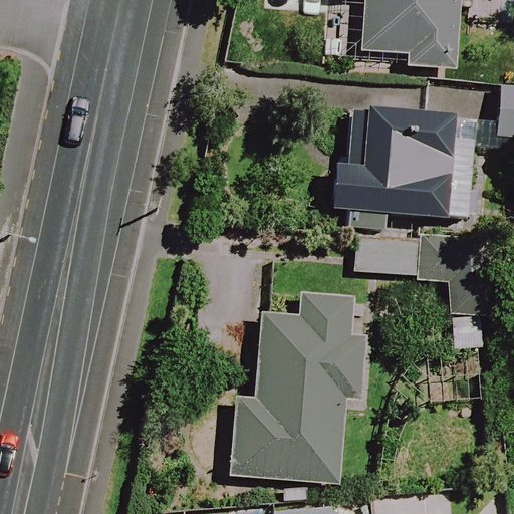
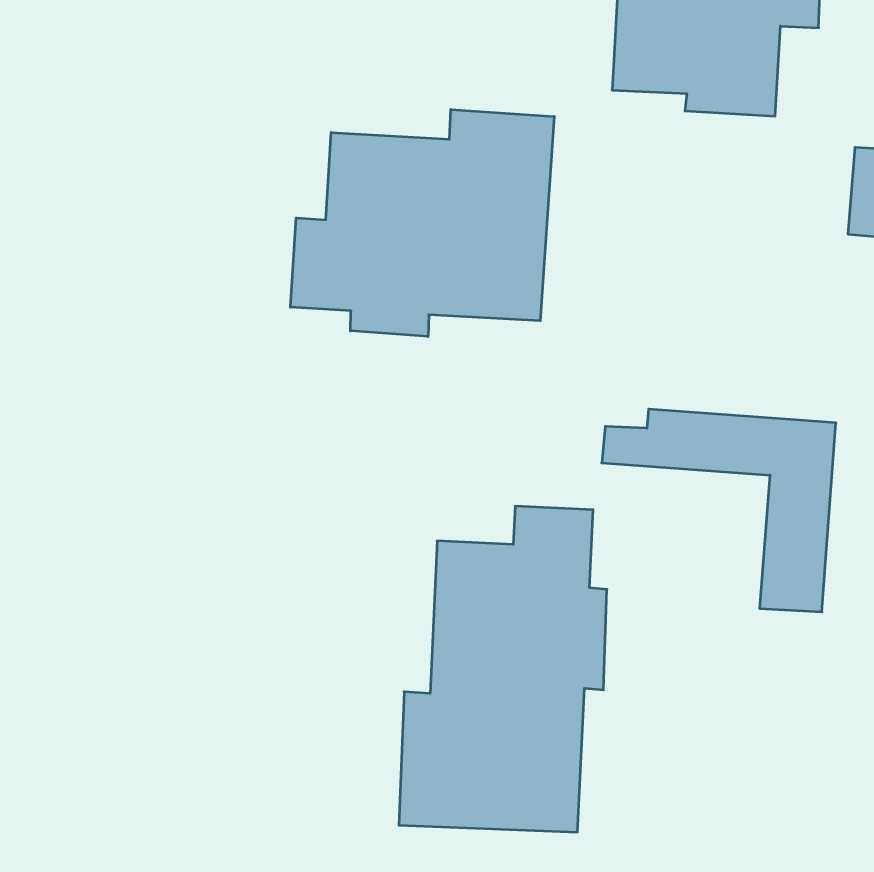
building: none -> [290,109,554,337]
building: [332,104,475,217] -> none

